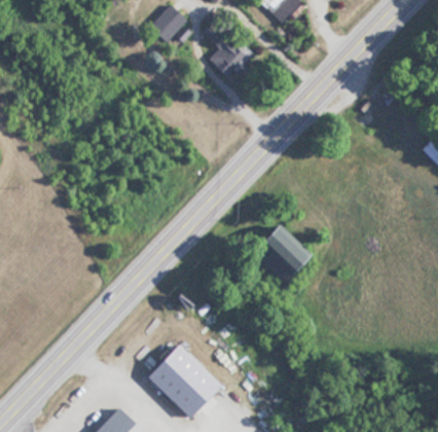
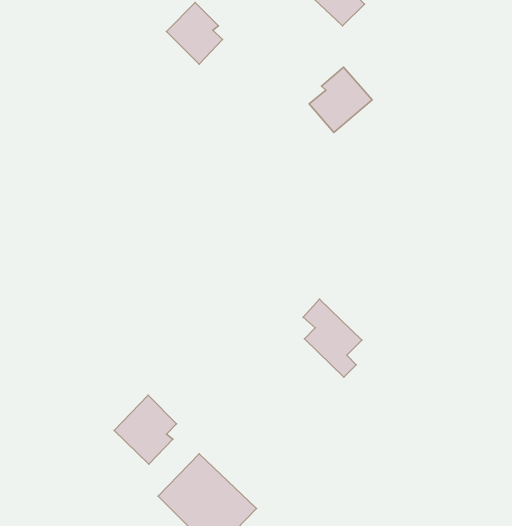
building: [211,30,258,79] -> [309,67,372,133]
building: none -> [114,395,176,464]

